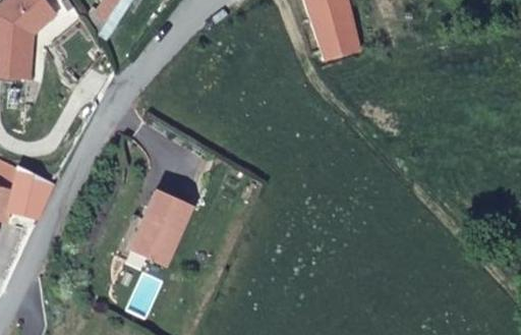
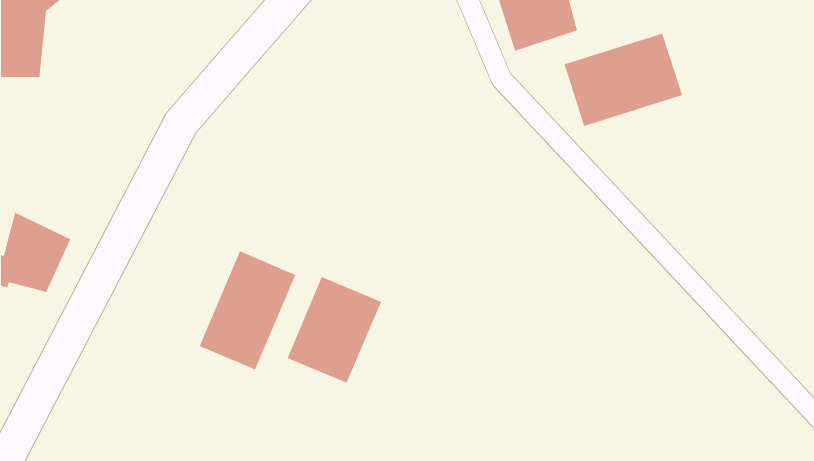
building: none -> [564,33,683,127]
building: none -> [287,276,382,384]

